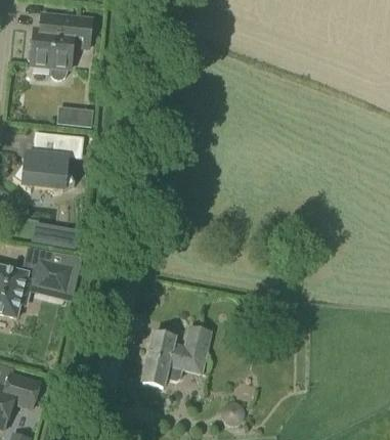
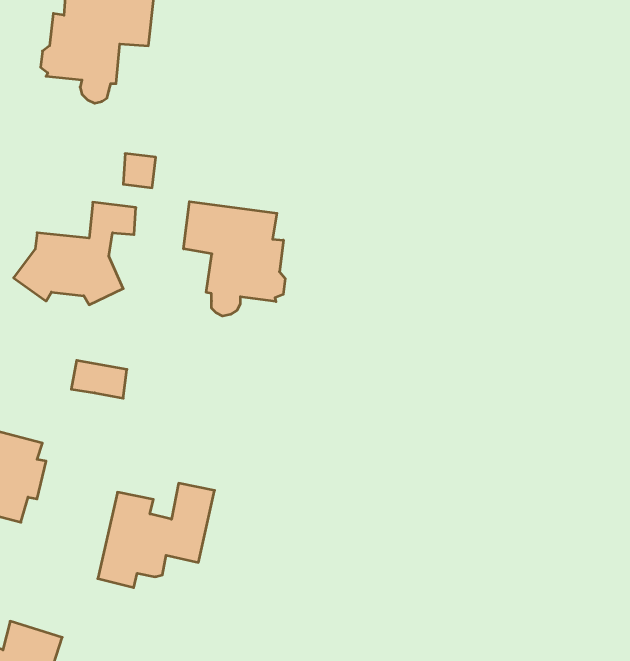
building: none -> [184,202,285,316]
building: [34,259,70,293] -> none
building: [142,325,209,385] -> [98,483,215,588]

